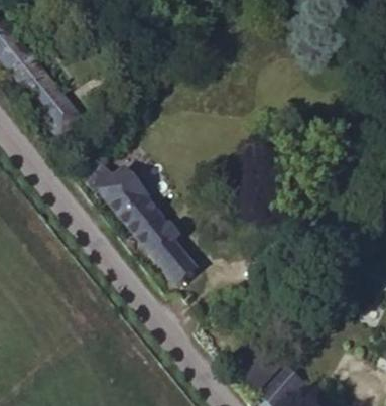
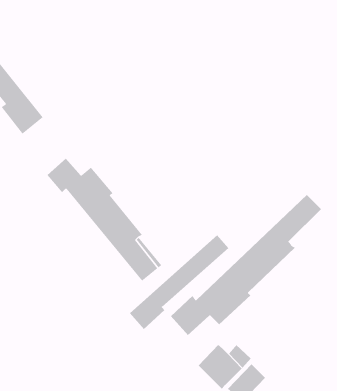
building: none -> [170,194,322,336]
building: none -> [129,234,229,330]

